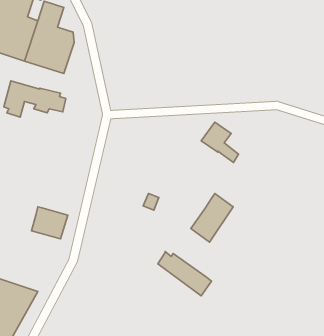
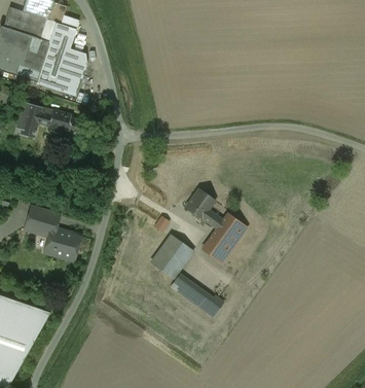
building: [201,122,239,162] -> [185,188,222,228]
building: none -> [35,209,60,236]
building: none -> [151,239,190,278]

